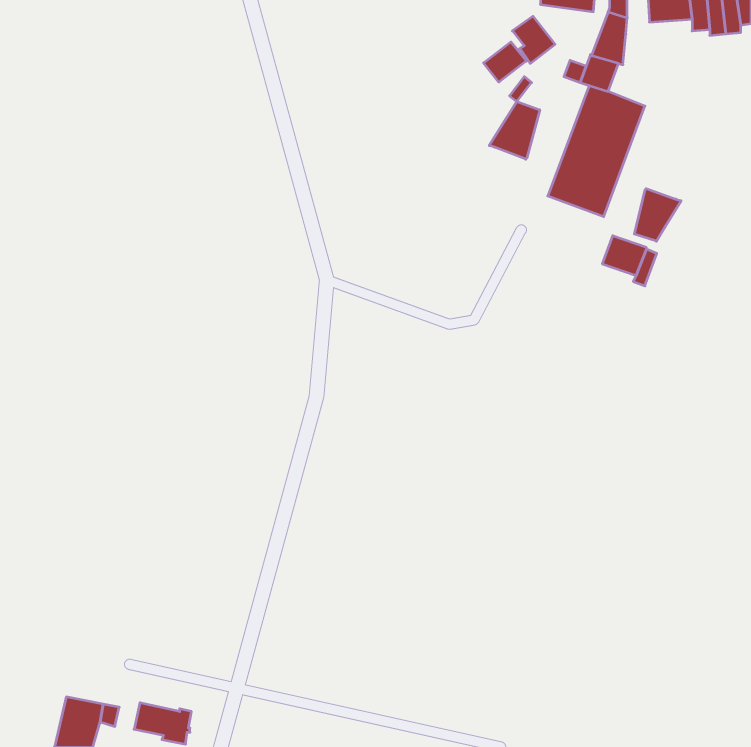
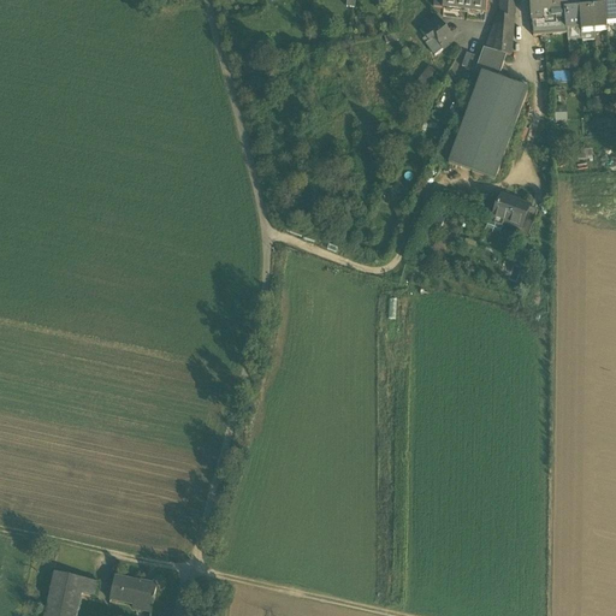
building: [484,42,526,82] -> none
building: [489,102,540,159] -> none
building: [634,189,681,241] -> none

